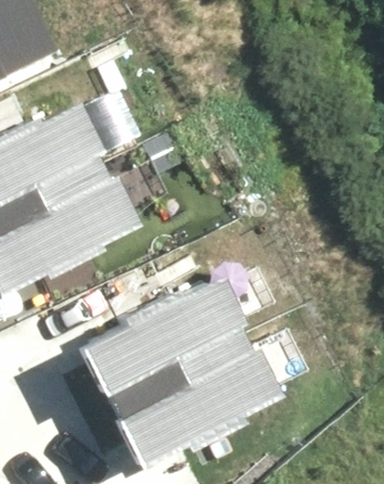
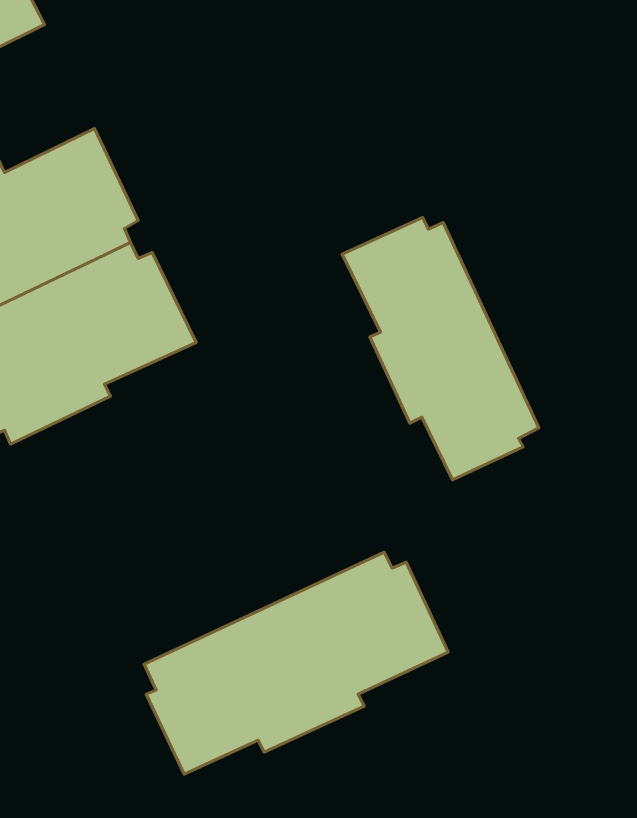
building: none -> [342,217,539,480]
building: [79,276,246,398] -> none

